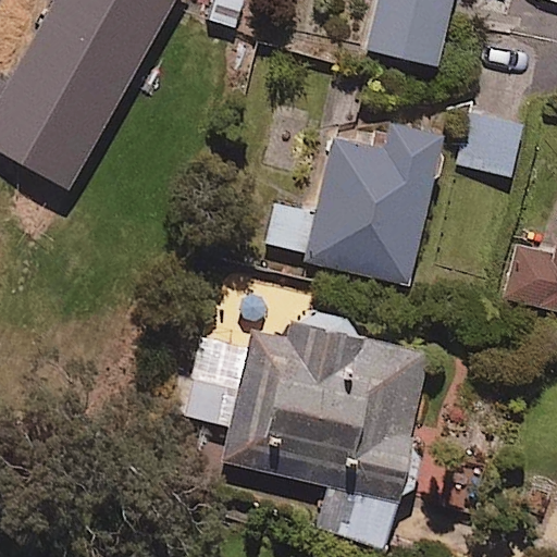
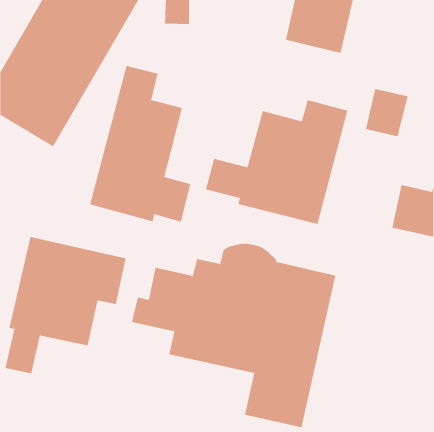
building: none -> [90,65,191,222]
building: none -> [5,236,126,374]

